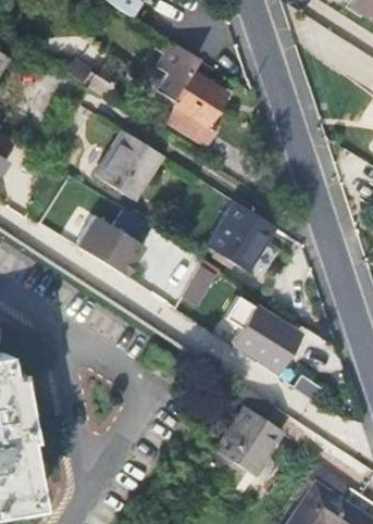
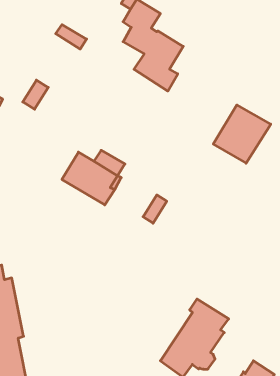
building: [94,130,162,202] -> none
building: [206,201,274,271] -> [213,105,271,163]
building: [226,299,301,372] -> none

